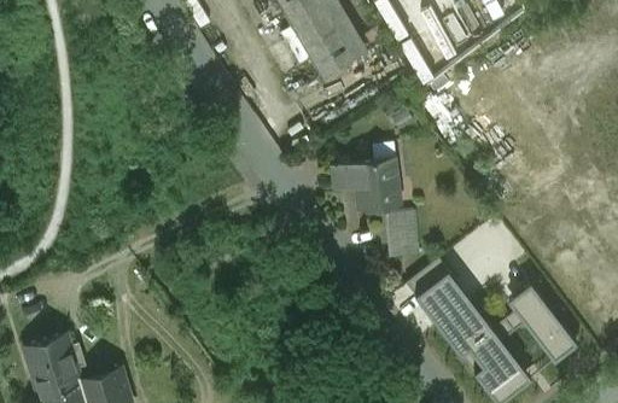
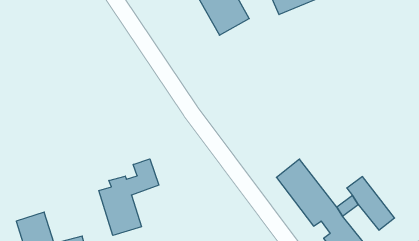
building: [332,145,400,211] -> none
building: [385,214,419,258] -> none
building: none -> [99,159,159,235]

